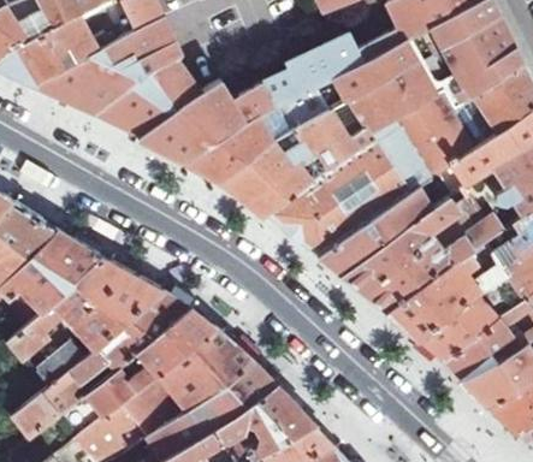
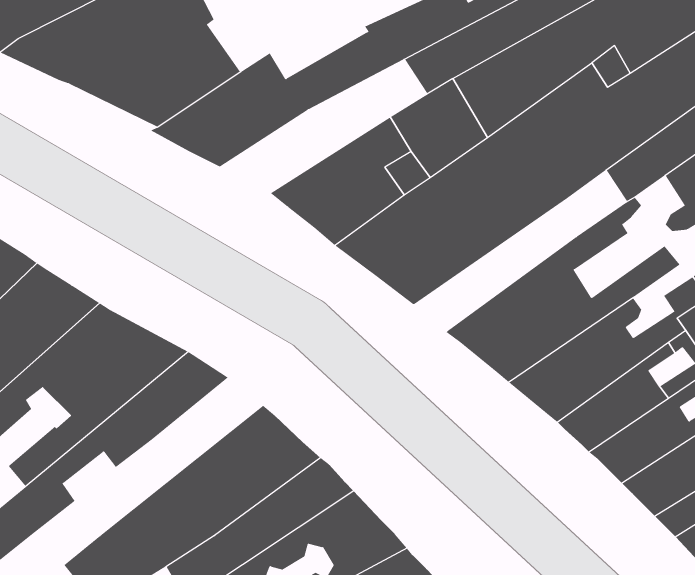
building: [184,88,327,180] -> none
building: [319,184,431,276] -> none
building: [57,308,214,434] -> none

